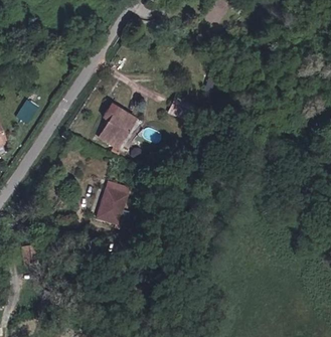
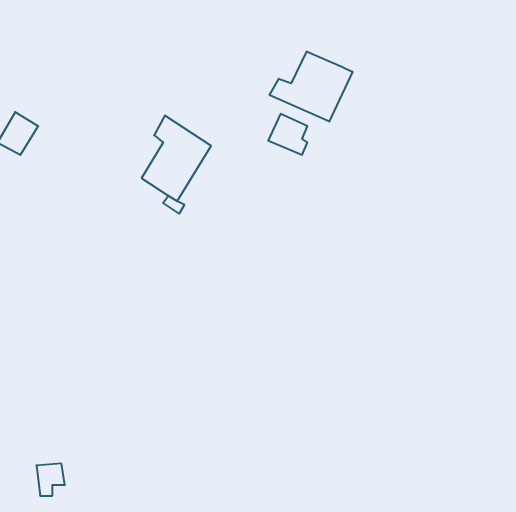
building: none -> [270,51,353,122]
building: [98,186,128,222] -> none

